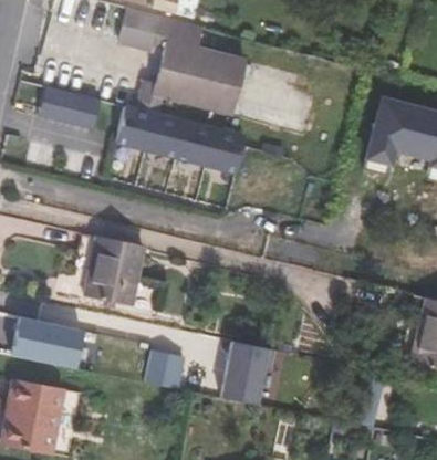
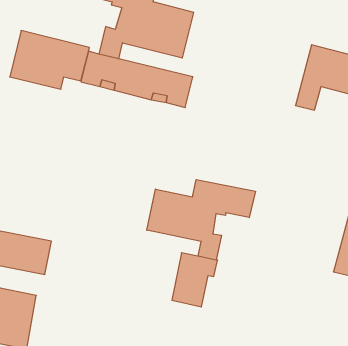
building: [85,234,144,306] -> none
building: none -> [147,180,255,260]
building: [145,348,185,388] -> none

